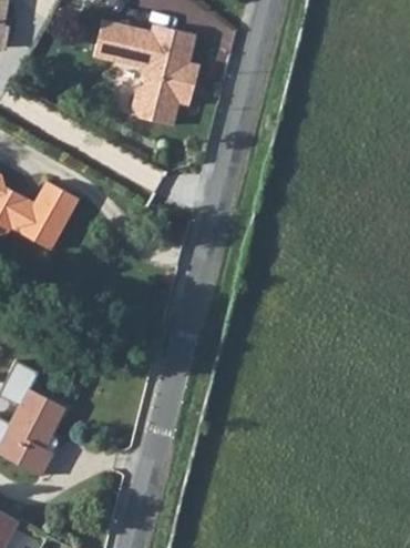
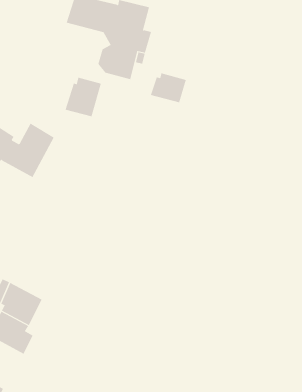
building: none -> [150,73,186,103]
building: none -> [65,77,101,117]

